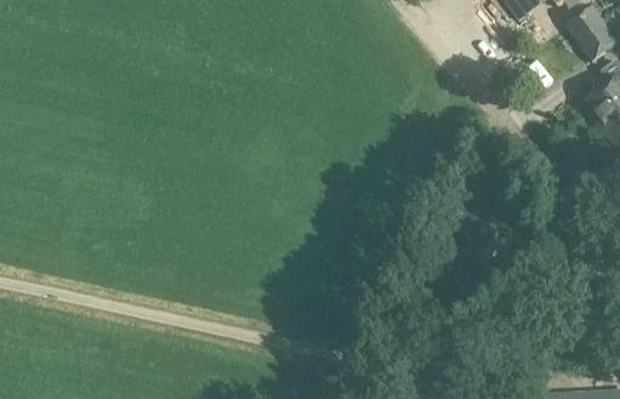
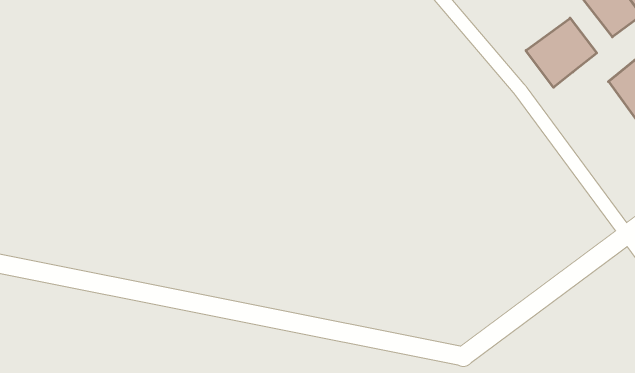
building: none -> [526,18,597,87]

